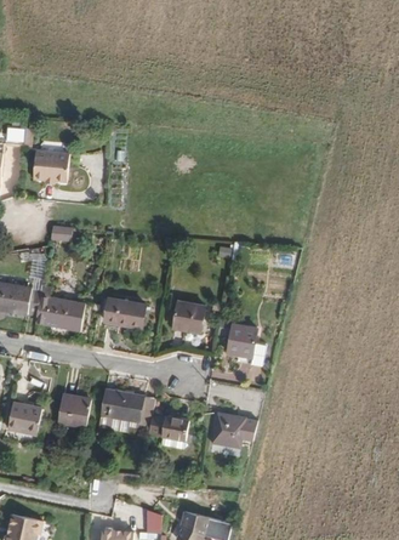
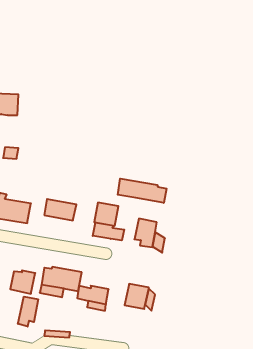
building: none -> [118,179,167,203]
building: none -> [93,222,124,240]
building: none -> [18,297,38,327]

